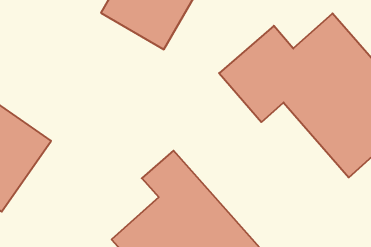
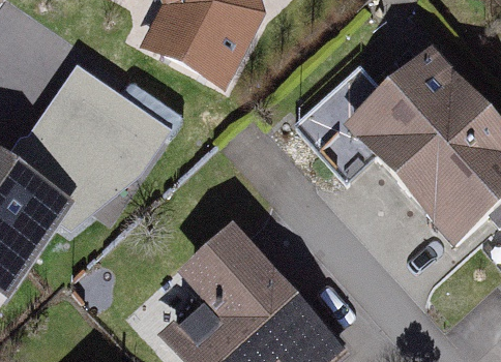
building: none -> [38,73,161,189]

